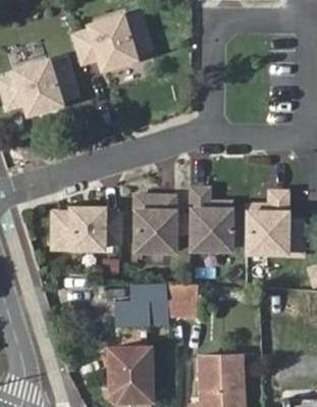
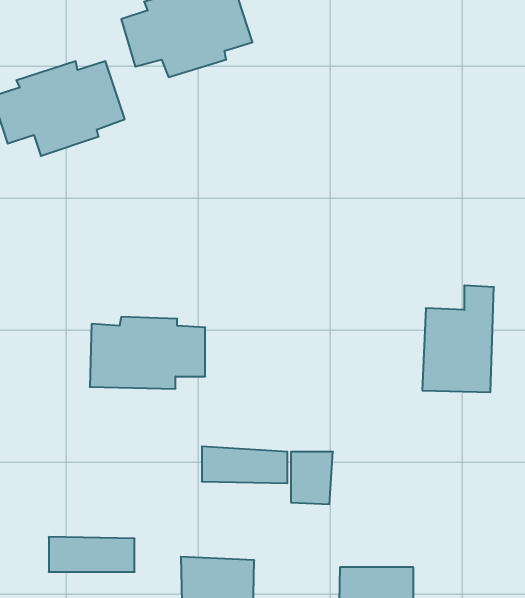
building: [193,187,233,250] -> none
building: [137,195,177,251] -> none
building: [119,311,169,332] -> [49,537,135,572]

